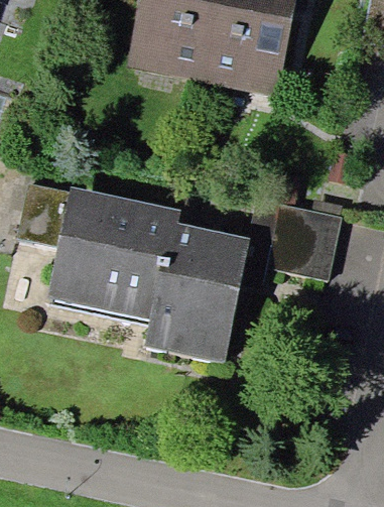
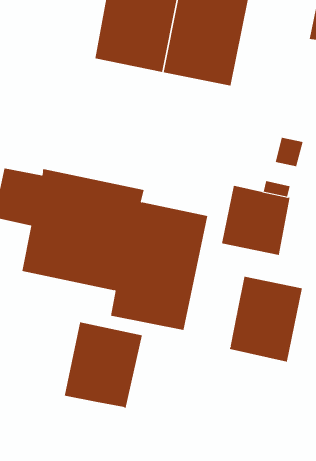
building: none -> [229,276,302,363]
building: none -> [64,322,142,409]

